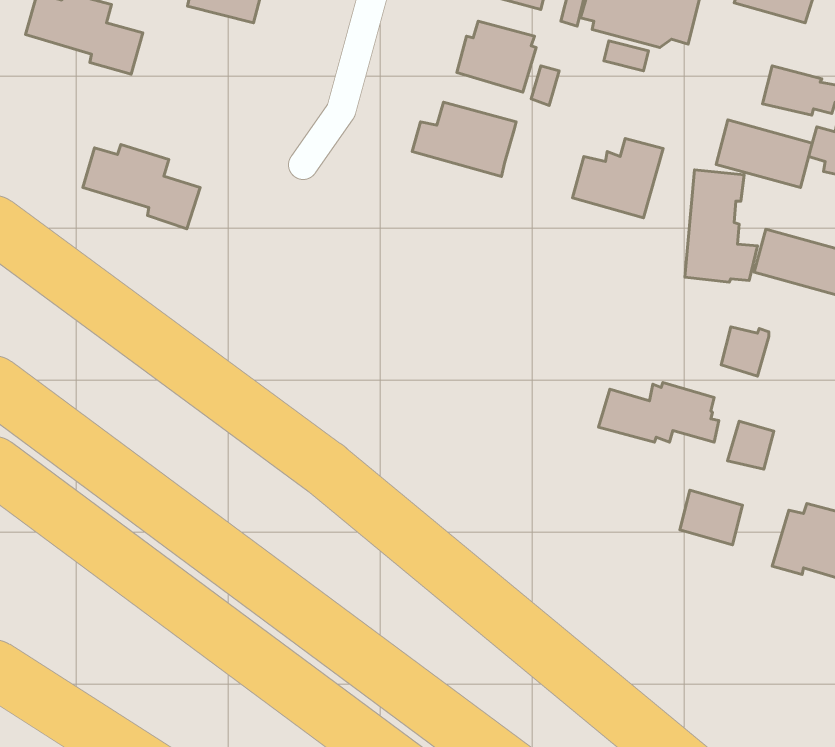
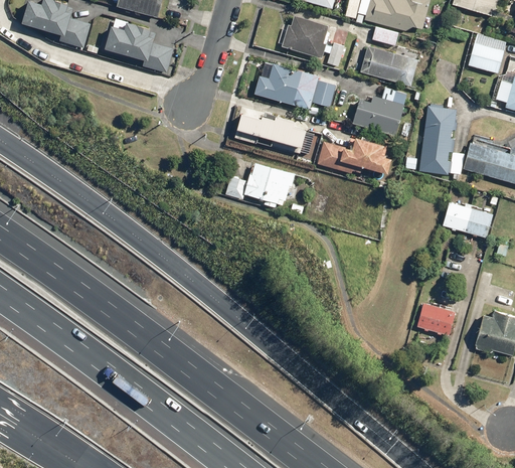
building: [716,120,812,188] -> [360,44,418,86]
building: none -> [311,81,335,107]
building: [83,145,200,229] -> [104,23,175,74]
building: none -> [236,115,307,155]
building: none -> [225,161,295,207]
building: [598,383,719,442] -> [317,136,390,172]
building: [728,421,774,469] -> [465,207,493,237]

